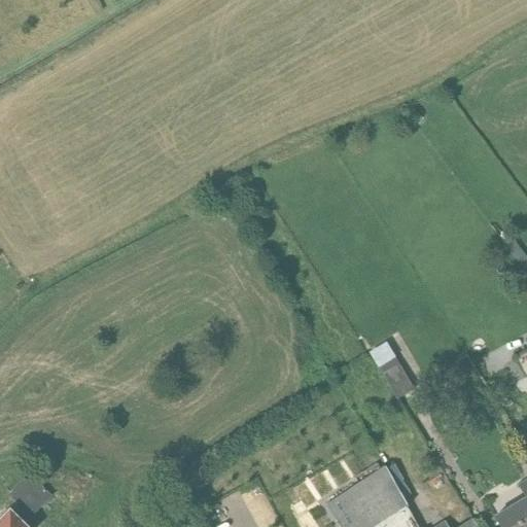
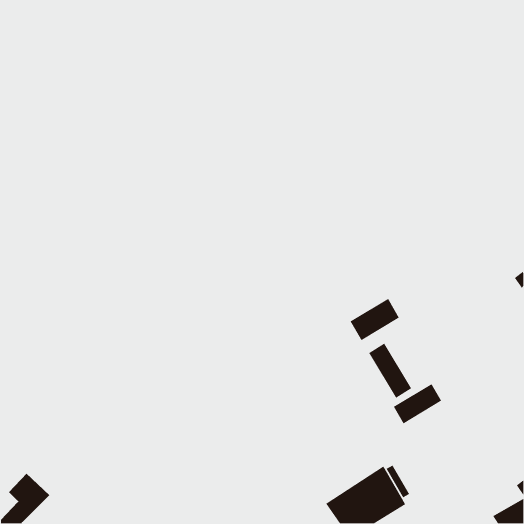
building: none -> [350,298,400,341]
building: none -> [393,383,442,424]

